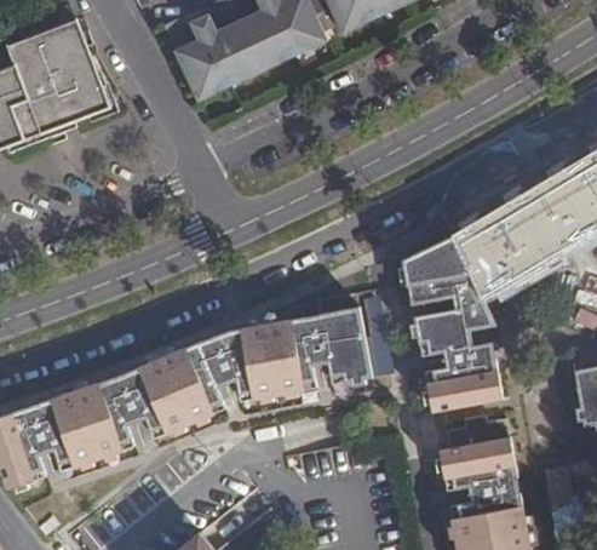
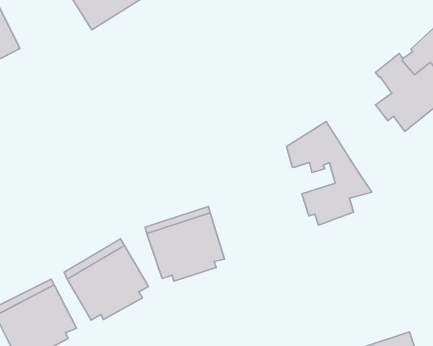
building: [453,194,549,297] -> none
building: [321,308,373,383] -> none
building: [427,359,503,411] -> none
building: [441,417,517,489] -> none

